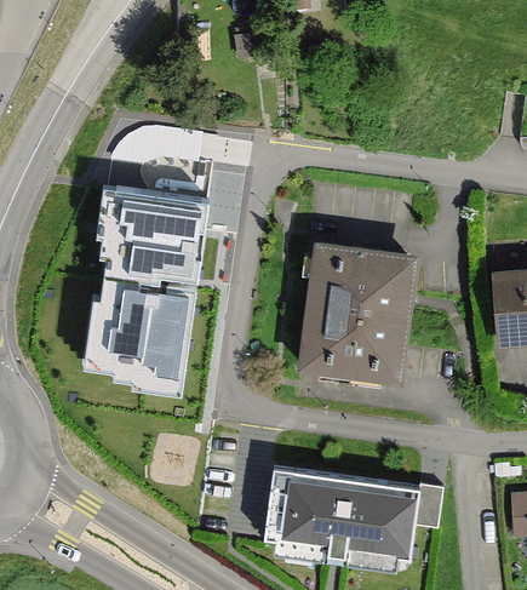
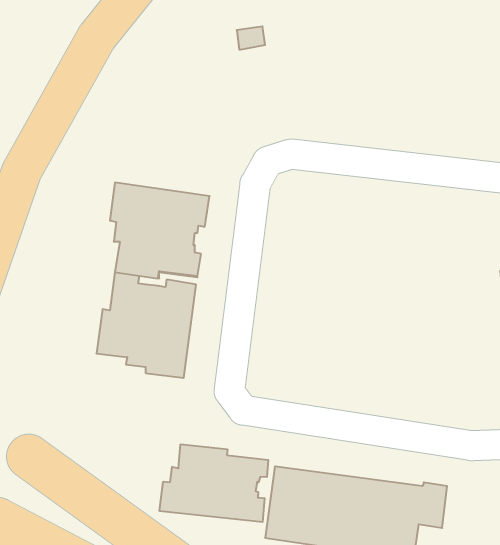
building: [302,245,409,379] -> none
building: none -> [160,444,268,522]

